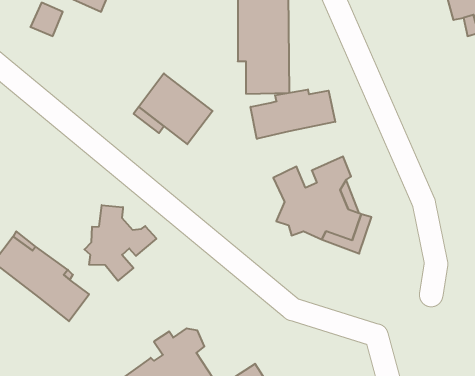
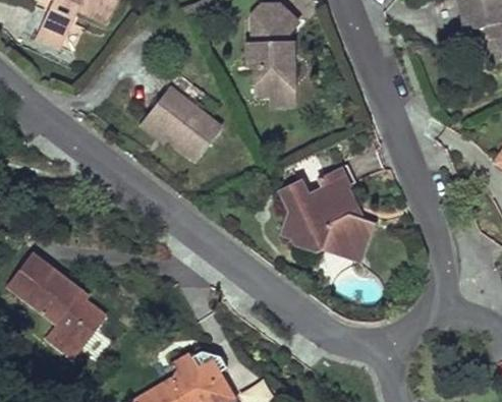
building: [251,89,335,139] -> none
building: [84,205,156,281] -> none
building: none -> [34,311,77,352]

